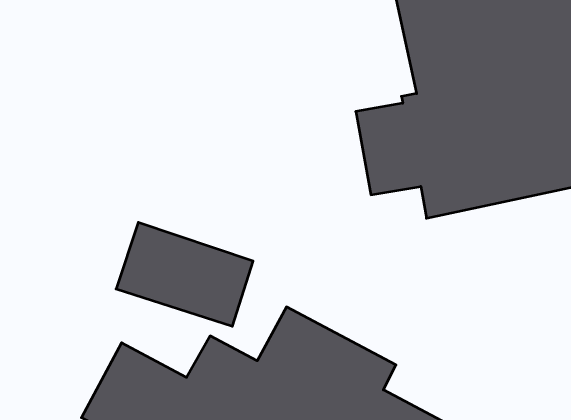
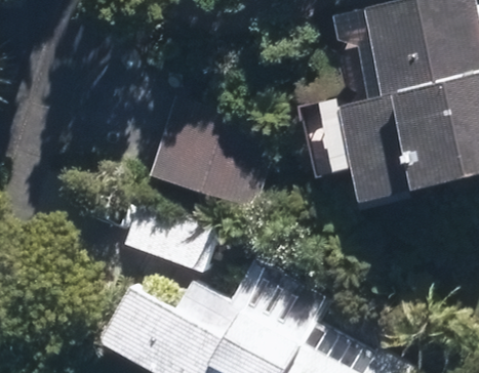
building: none -> [152,97,278,207]

